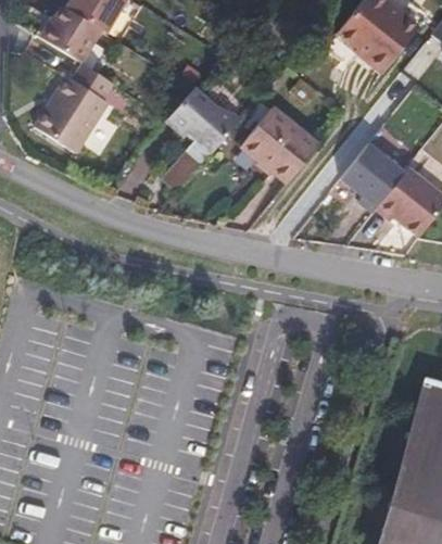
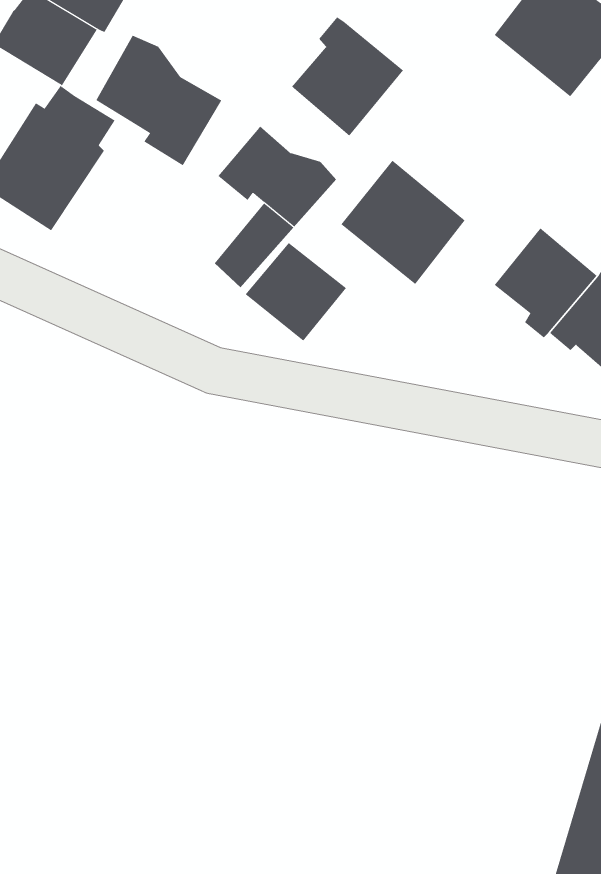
building: none -> [291,16,404,137]
building: none -> [96,35,222,166]
building: none -> [245,242,347,342]

